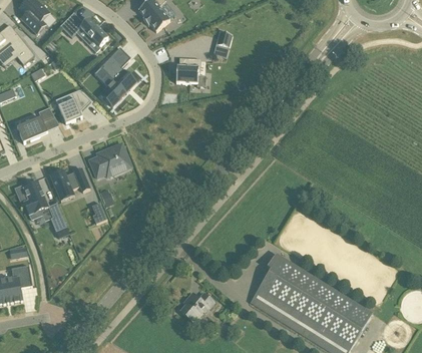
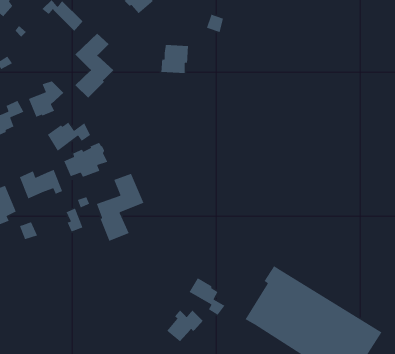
building: none -> [47,121,91,152]
building: none -> [96,173,145,242]
building: none -> [189,277,225,316]

